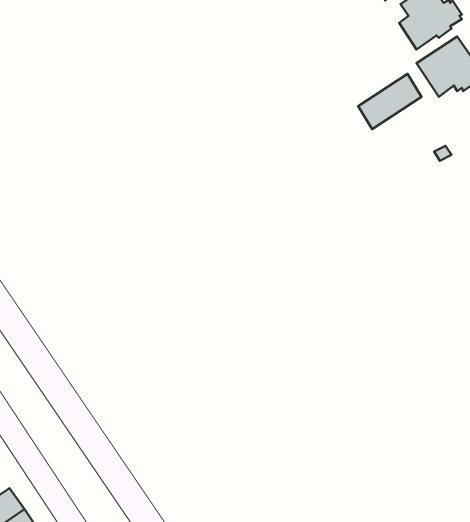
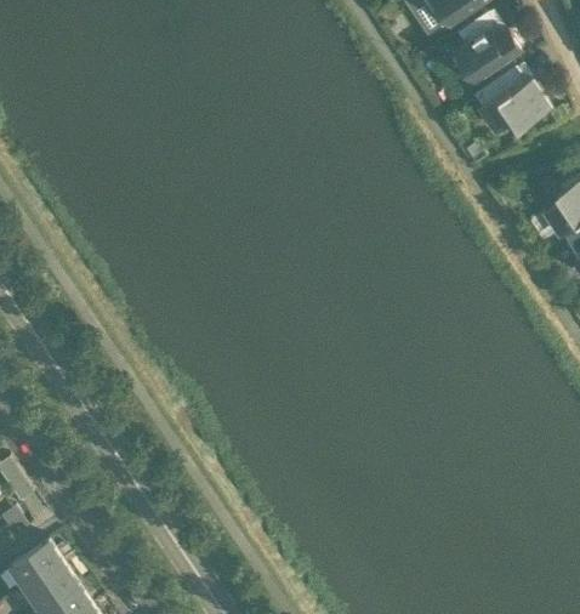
building: [358,74,421,129] -> none

